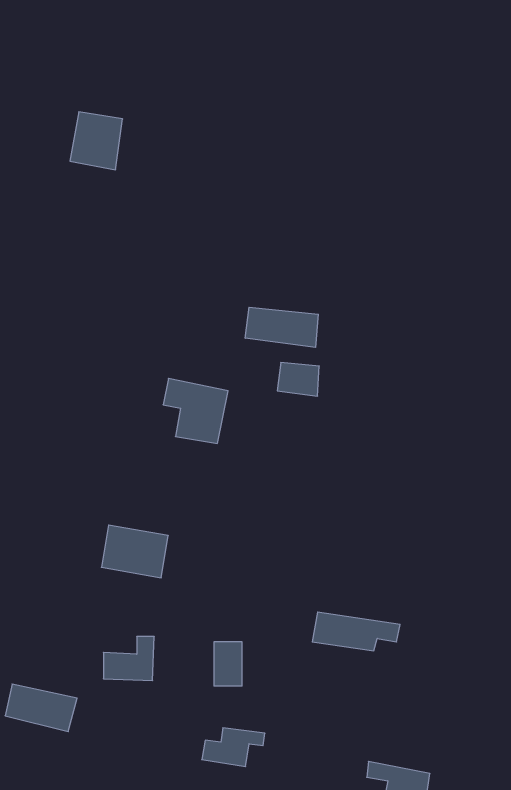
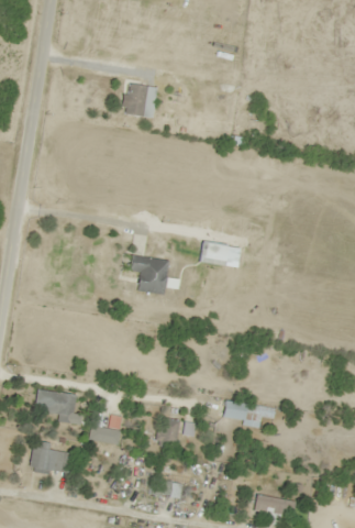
building: [70,112,123,170] -> [125,82,158,119]
building: [245,307,318,347] -> none
building: [101,525,168,578] -> [35,388,77,421]

